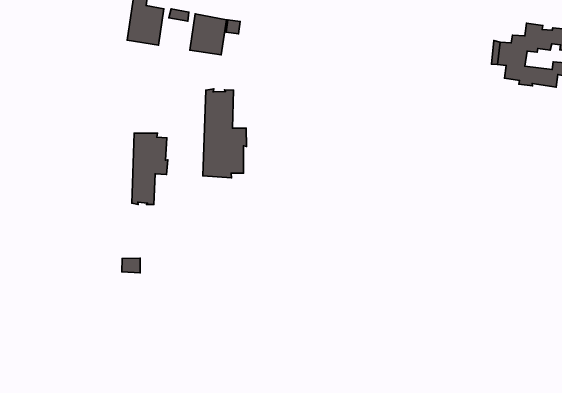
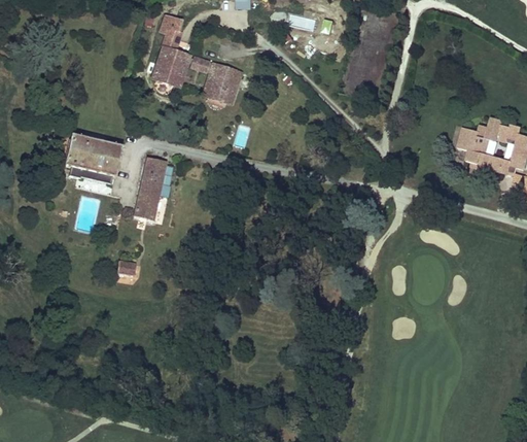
building: [203,89,246,178] -> none
building: none -> [54,134,120,181]

